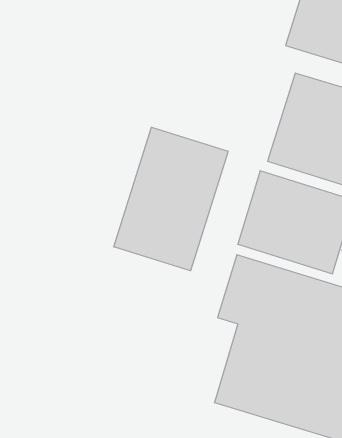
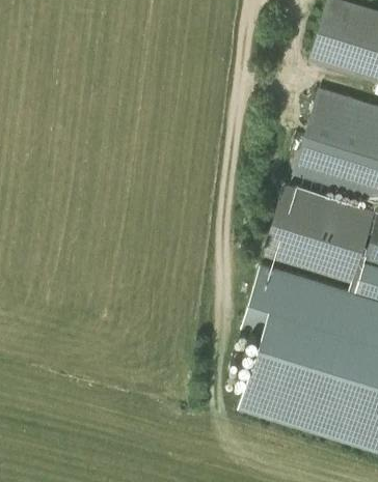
building: [114,127,228,271] -> none

